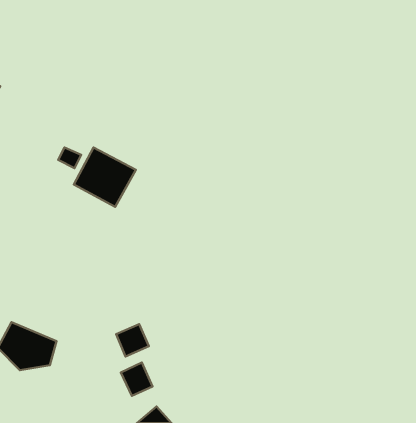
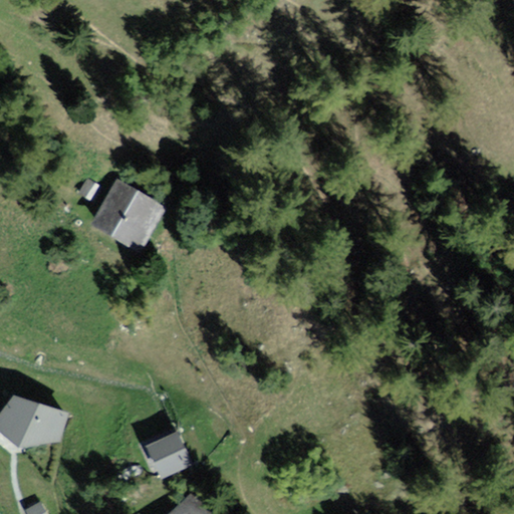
building: [116,324,149,357] -> none

